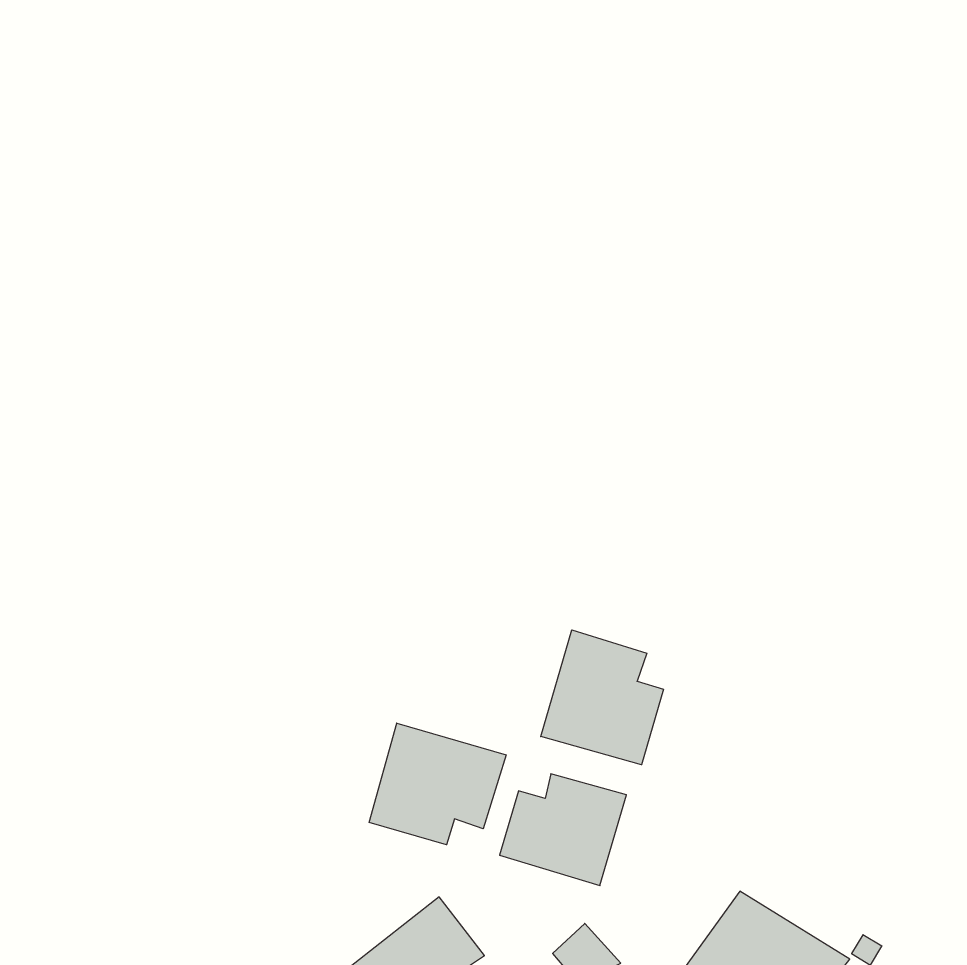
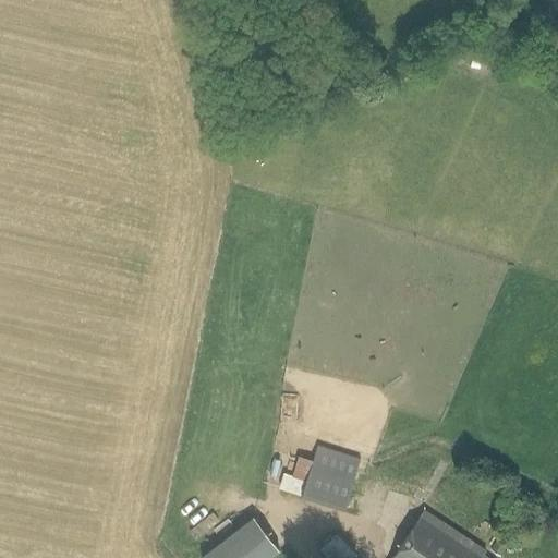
building: [541,630,663,765] -> none
building: [369,723,506,845] -> none

